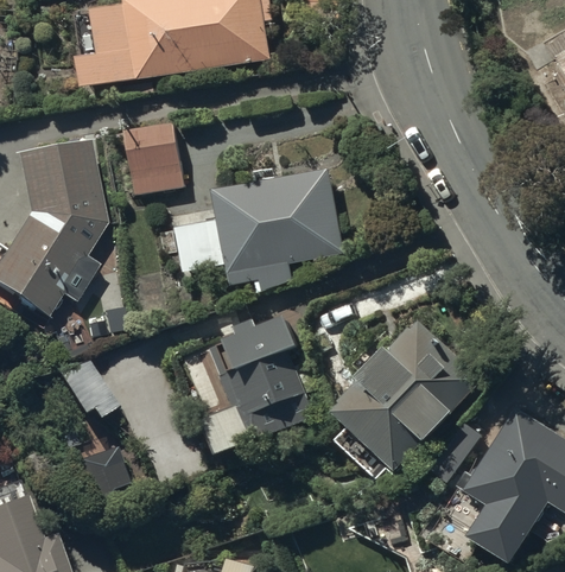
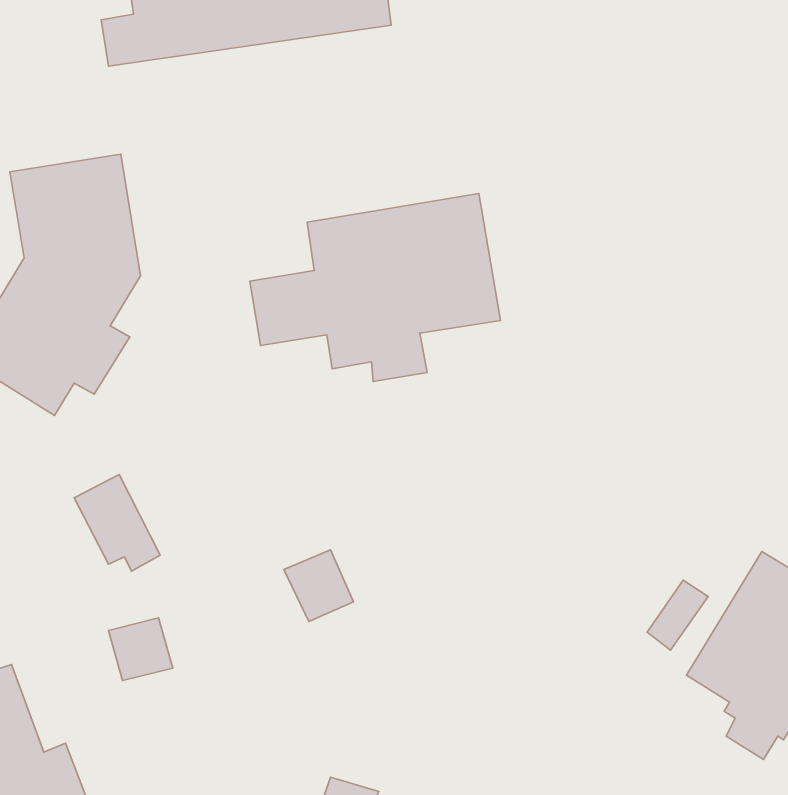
building: [123,121,183,196] -> none
building: [215,312,313,438] -> none
building: [331,318,483,485] -> none

